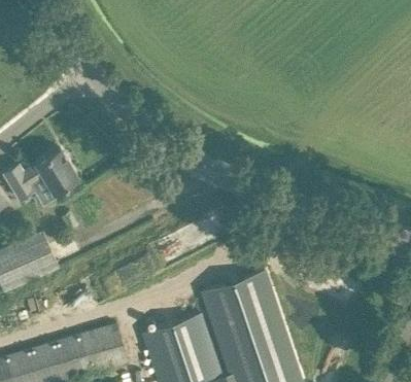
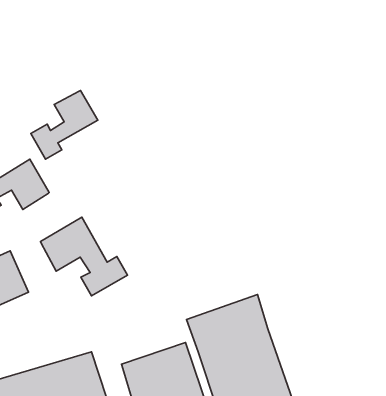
building: none -> [31,91,98,159]
building: none -> [41,217,128,296]

